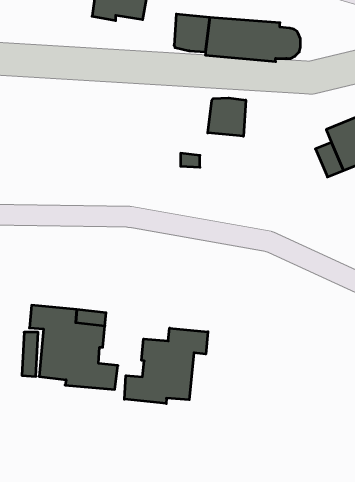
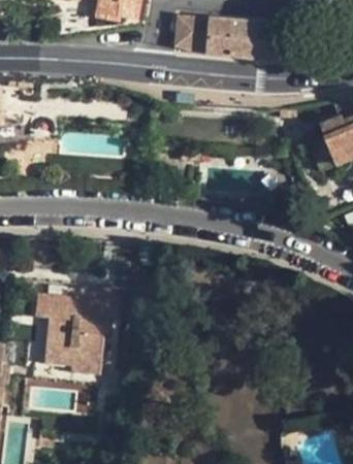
building: [208,98,246,136] -> none
building: [124,328,208,404] -> none

